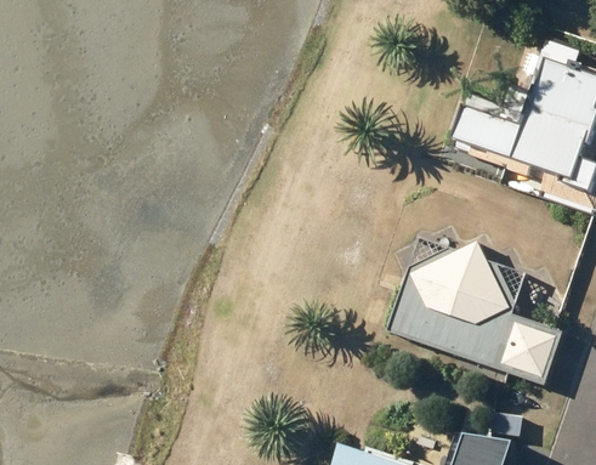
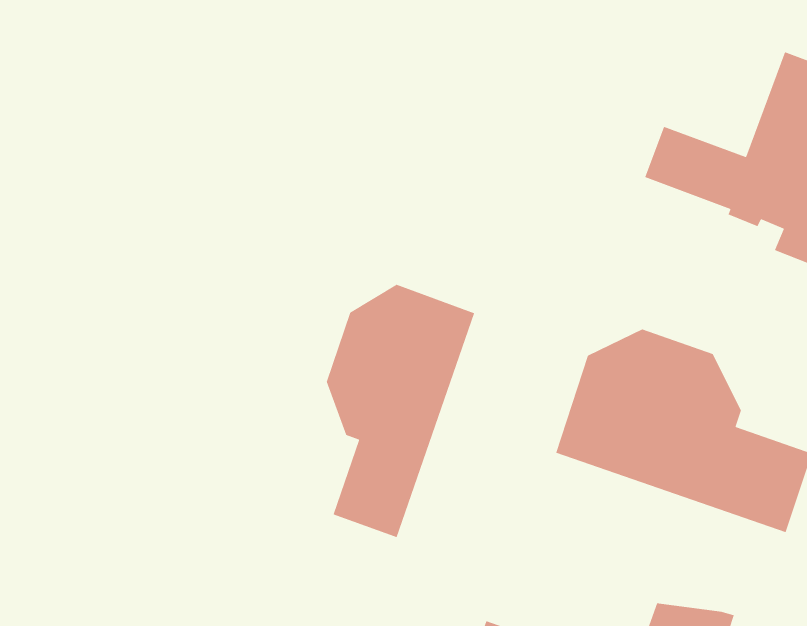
building: none -> [326,284,475,538]

